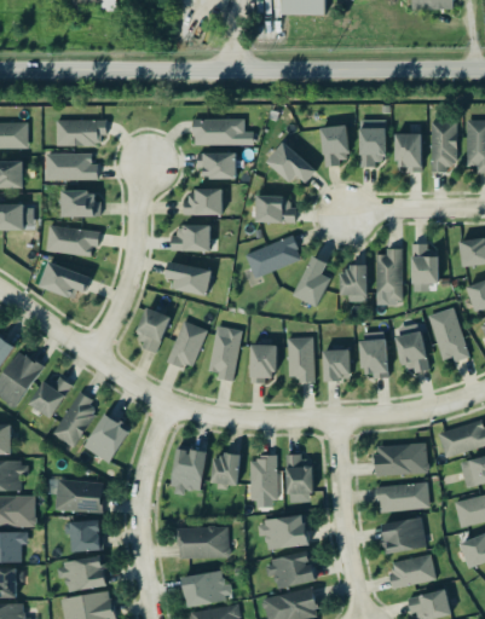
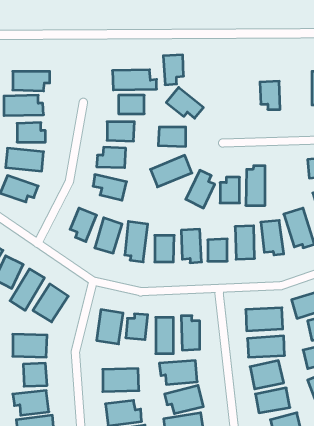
building: [359,120,386,167] -> none
building: [431,121,456,172] -> none
building: [321,126,348,167] -> [163,55,184,85]
building: [411,244,438,291] -> none

